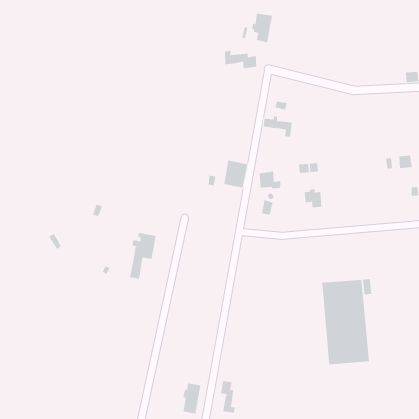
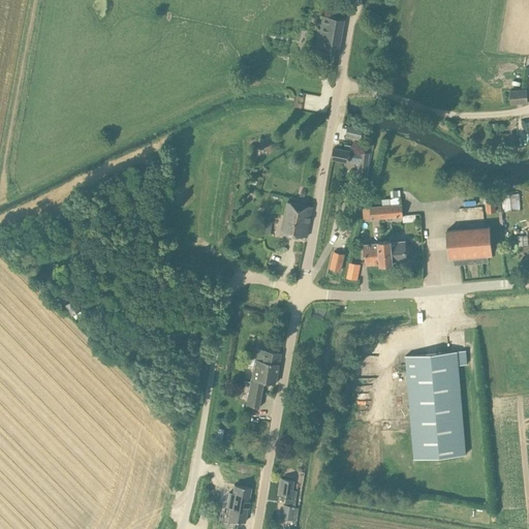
building: [224,50,257,69] -> none
building: [259,171,281,189] -> [364,243,392,266]
building: none -> [445,227,491,264]
building: [129,232,156,279] -> [246,350,280,409]

